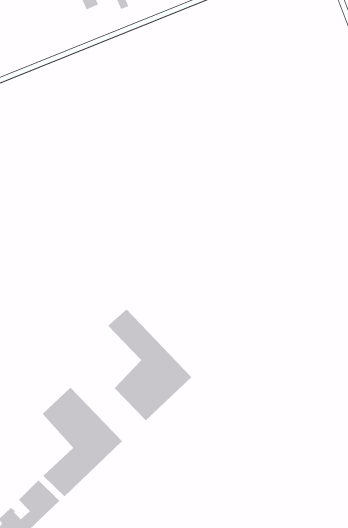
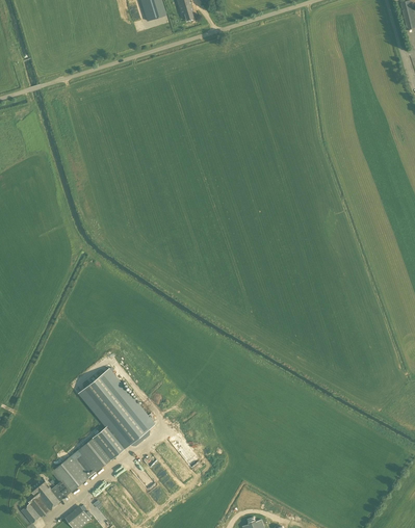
building: [107,308,192,421] -> none

